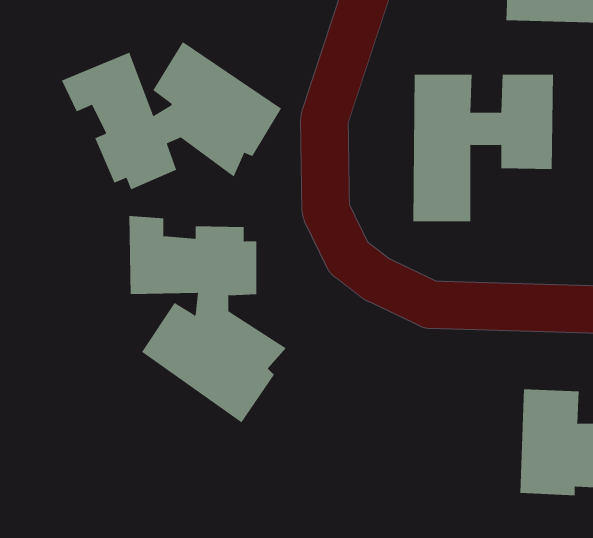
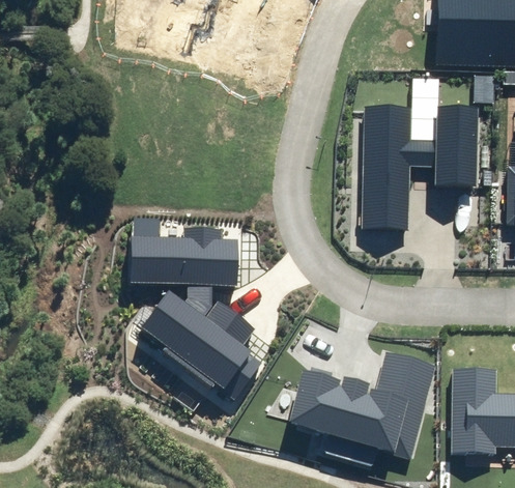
building: [61,41,282,190] -> none
building: none -> [284,349,435,458]

